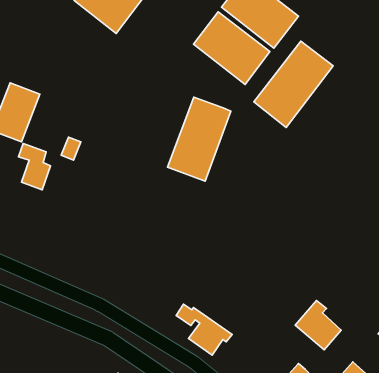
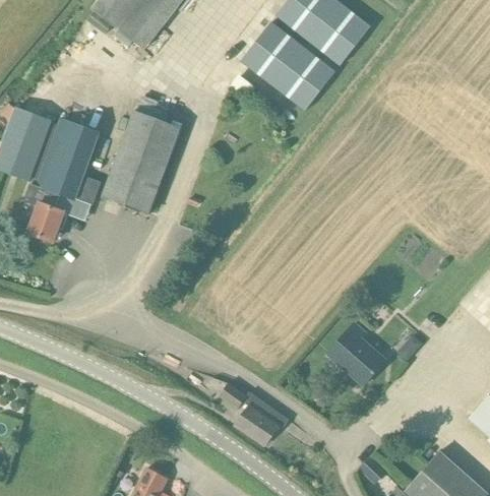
building: [254,41,333,127] -> none
building: none -> [38,120,99,198]
building: [167,97,231,181] -> [102,111,180,214]
building: [295,300,341,350] -> [328,323,385,384]

